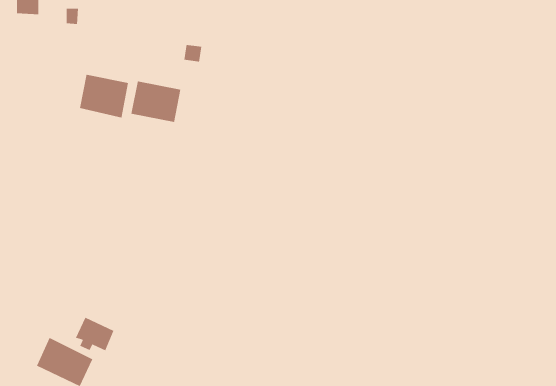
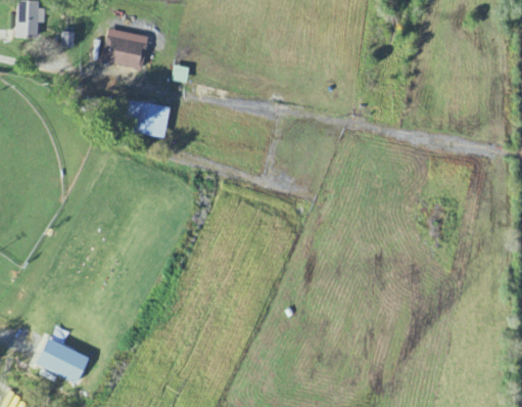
building: [79,74,129,118] -> [103,29,149,70]
building: [75,317,114,351] -> none

